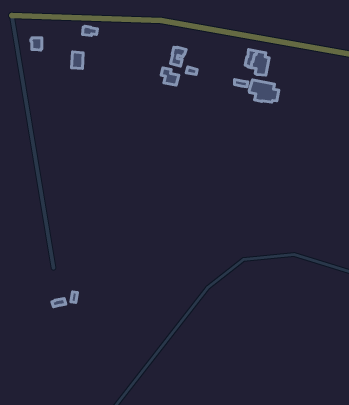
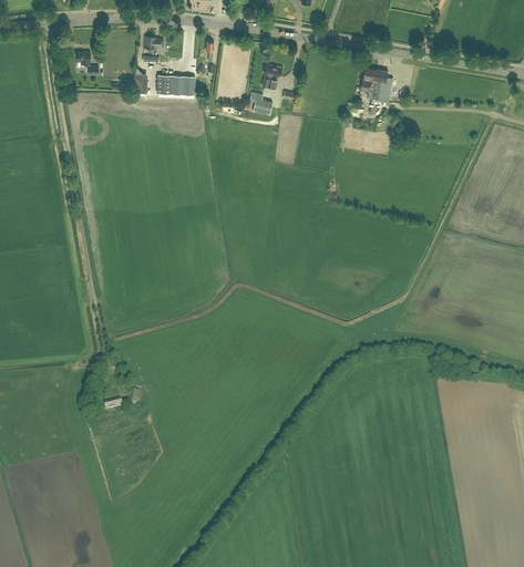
building: none -> [156,75,195,95]
building: [249,80,279,102] -> none

